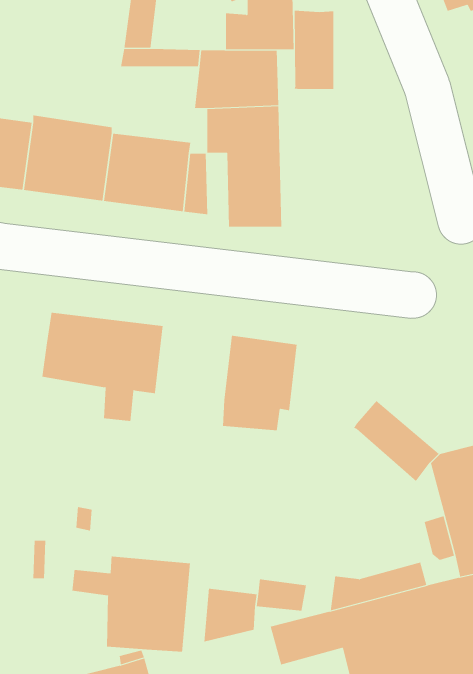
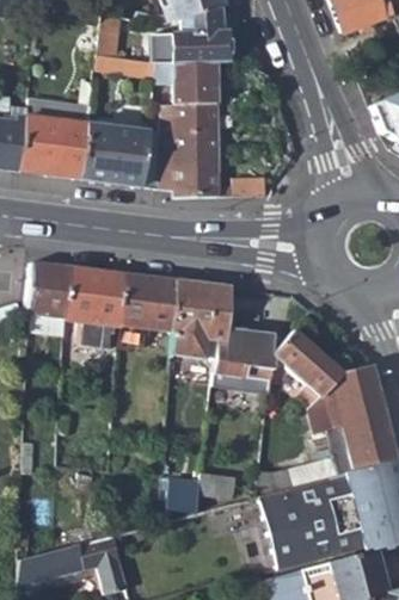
building: [294,10,334,90] -> none
building: none -> [122,274,180,332]
building: none -> [215,329,278,377]
building: [72,555,190,653] -> none

